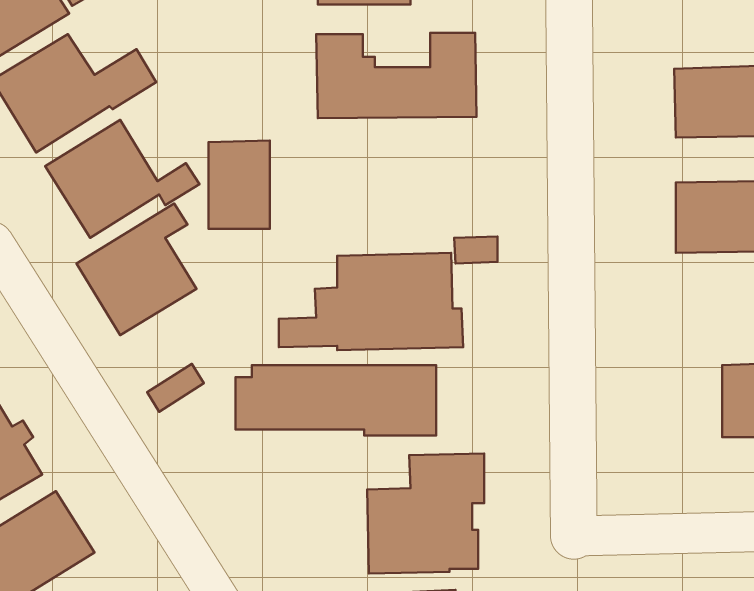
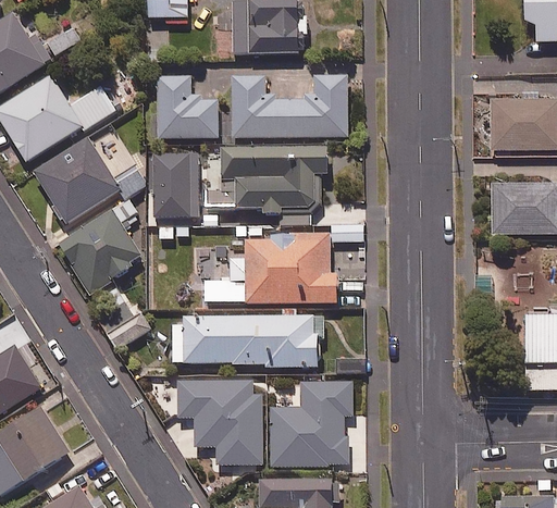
building: none -> [157,76,216,138]
building: none -> [202,146,329,218]
building: none -> [176,379,264,466]

